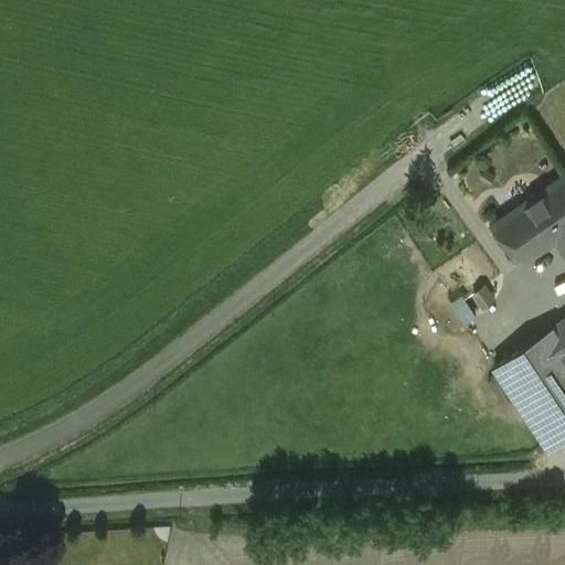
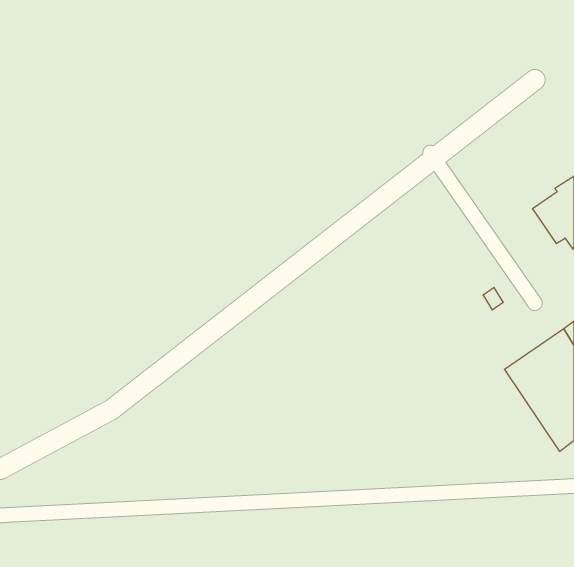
building: [495,210,546,264] -> none

